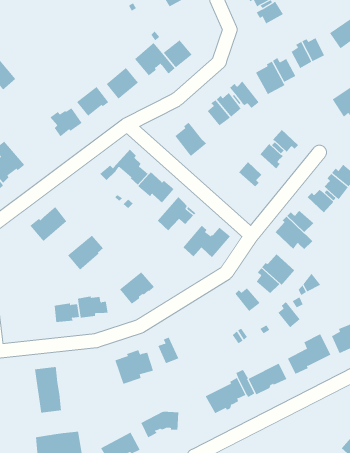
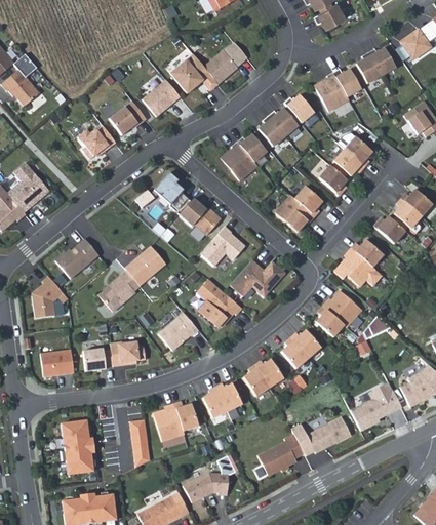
building: none -> [336,132,372,167]
building: none -> [238,133,268,161]
building: none -> [276,194,314,232]
building: none -> [125,245,166,284]
building: none -> [32,275,63,317]
building: none -> [197,278,242,325]
building: [277,301,301,328] -> [280,337,307,368]
building: none -> [40,348,74,375]
building: none -> [243,359,283,396]
building: none -> [215,383,242,420]
building: none -> [129,418,150,467]

